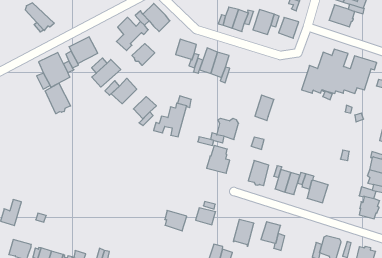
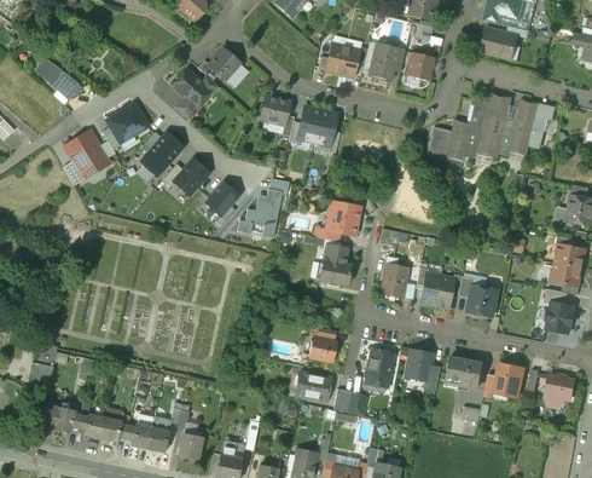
building: [132,44,155,65] -> none
building: [45,83,71,114] -> none
building: [255,95,274,121] -> [428,125,453,161]
building: [165,210,187,231] -> [298,373,330,401]
building: none -> [445,357,480,388]

